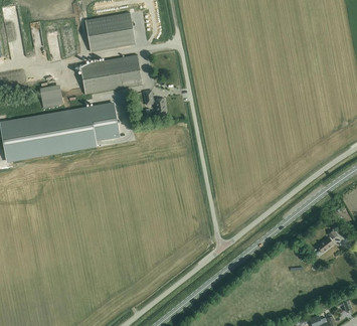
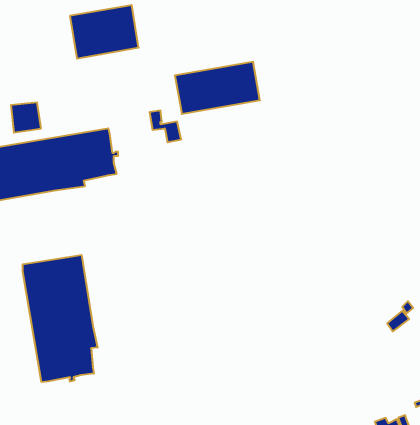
building: [79,54,142,93] -> [175,62,260,114]
building: none -> [23,255,98,382]

